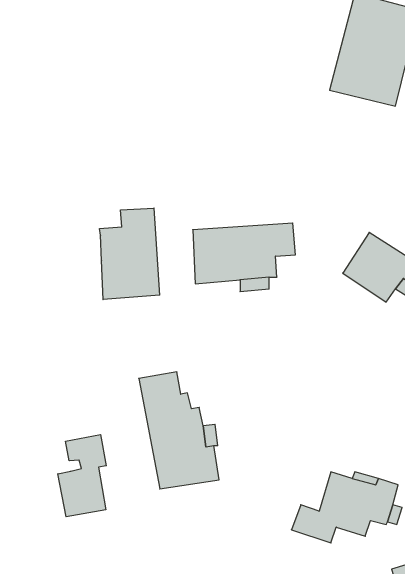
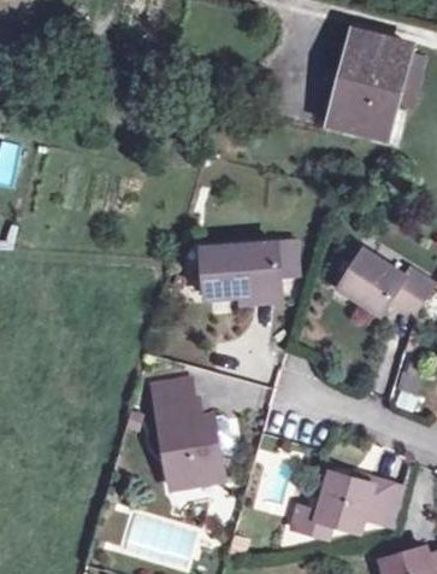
building: [100,208,160,300] -> none
building: [58,435,106,517] -> none

